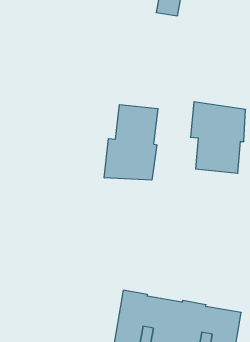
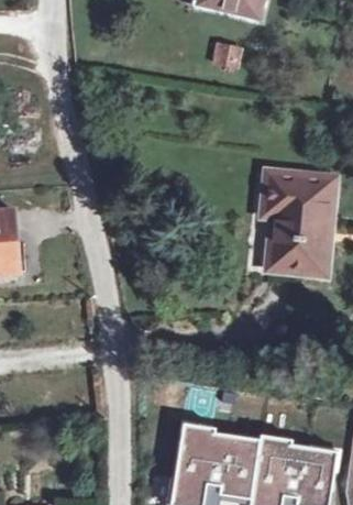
building: [104,105,158,180] -> none

